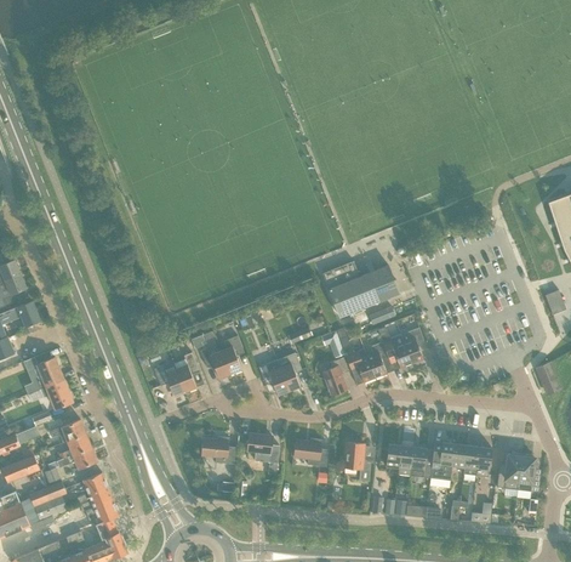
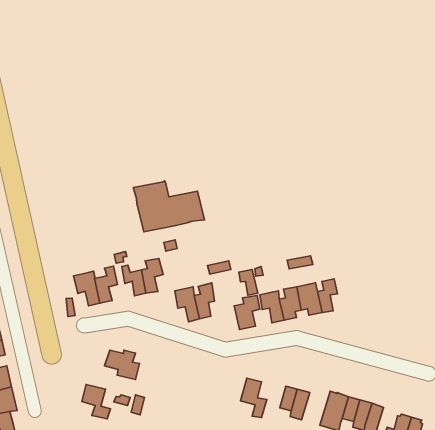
building: [321,261,399,317] -> [133,181,204,232]
building: [246,435,279,464] -> none
building: [292,438,327,466] -> none
building: [410,447,433,478] -> none
building: none -> [82,385,111,419]

